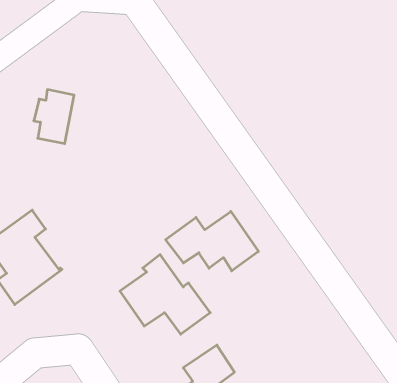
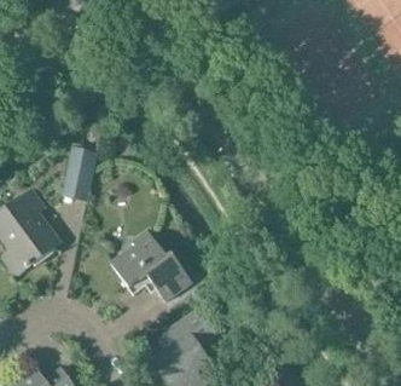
building: [34,90,74,144] -> [60,149,97,197]
building: [166,211,258,271] -> none

